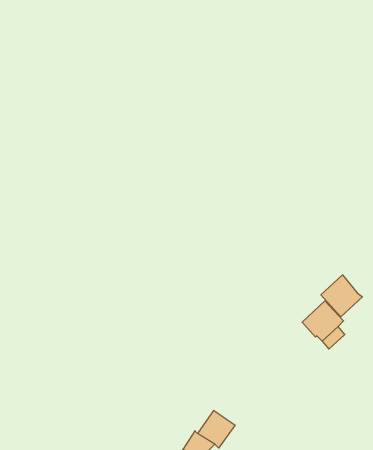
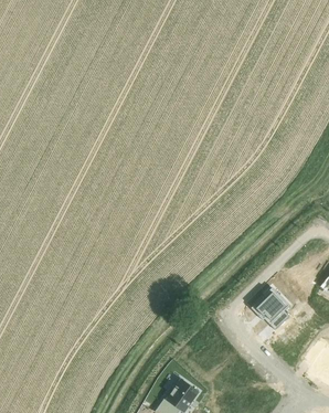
building: [321,275,362,317] -> none

